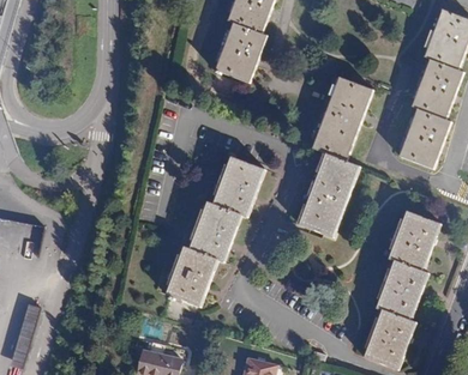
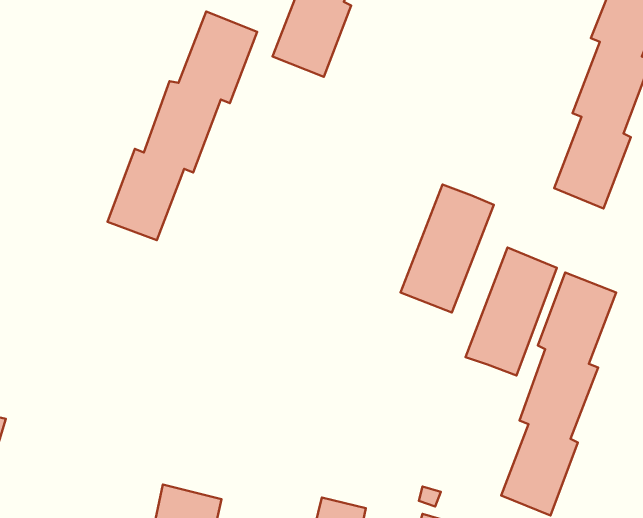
building: [311,77,371,161] -> [465,248,557,376]
building: [166,157,264,307] -> [107,12,257,240]

